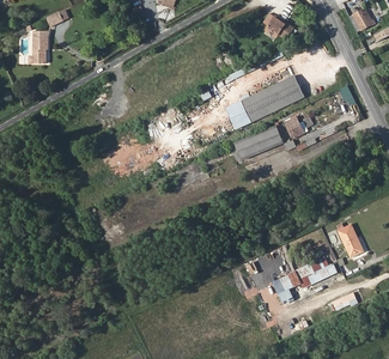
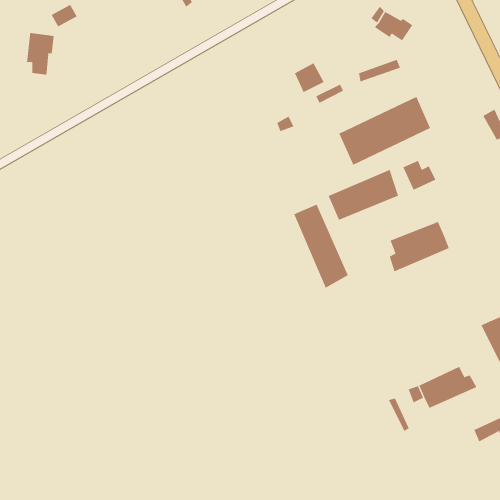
building: none -> [294,204,348,288]
building: none -> [389,221,450,272]

